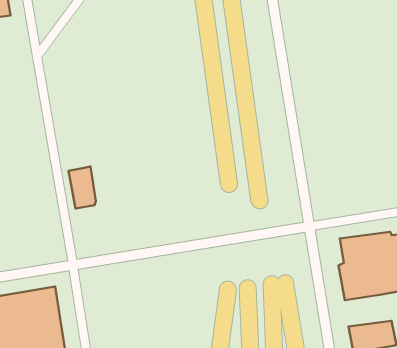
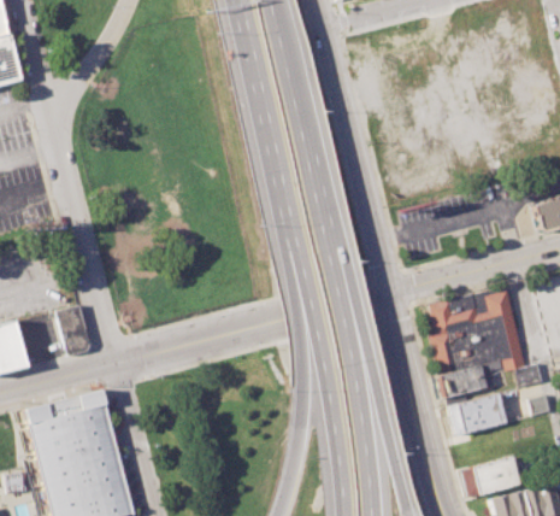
building: [68,166,96,209] -> [57,305,92,356]
building: none -> [441,365,488,398]

